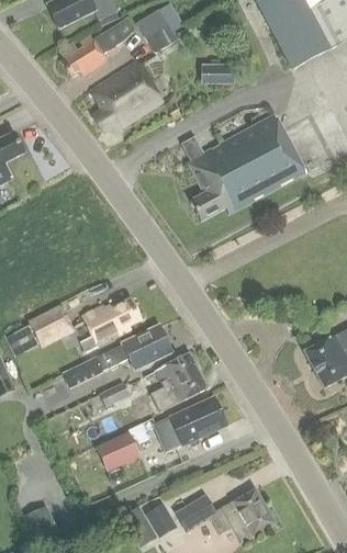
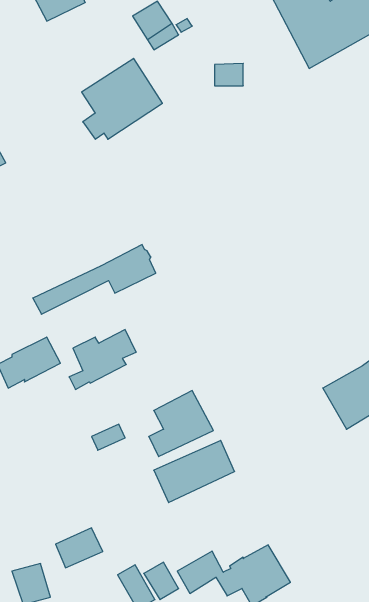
building: [60,16,136,76] -> none
building: [181,114,305,219] -> none
building: [63,325,171,386] -> [33,245,156,314]
building: [97,431,138,466] -> [56,528,103,568]

